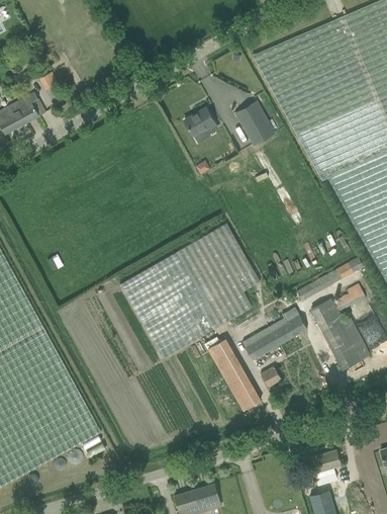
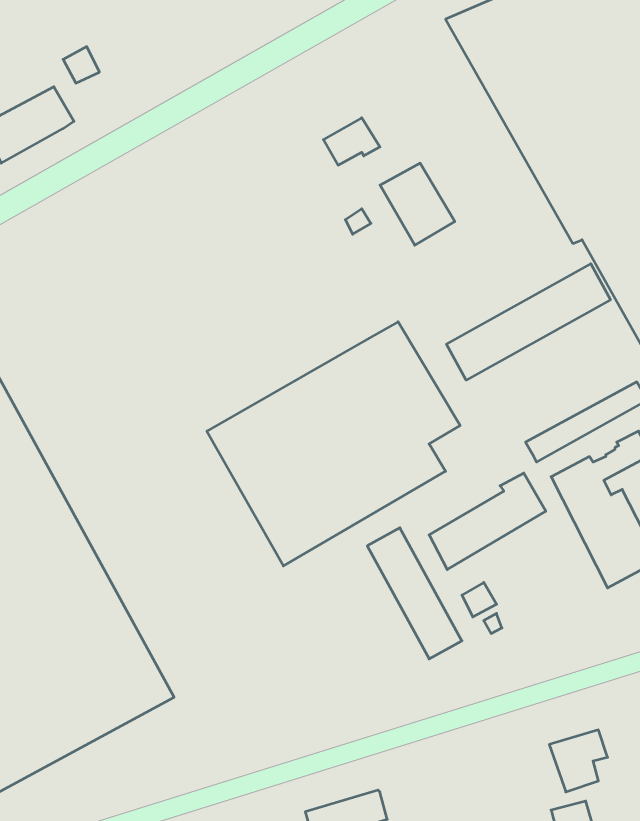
building: [234,101,276,147] -> [380,163,455,245]
building: none -> [447,264,610,380]

